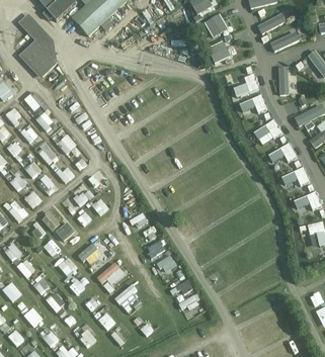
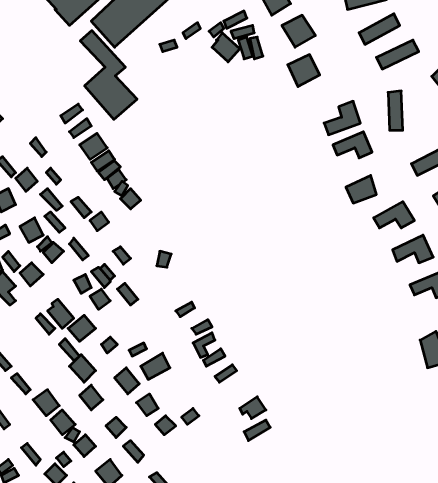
building: [18,15,58,77] -> [80,31,137,119]

